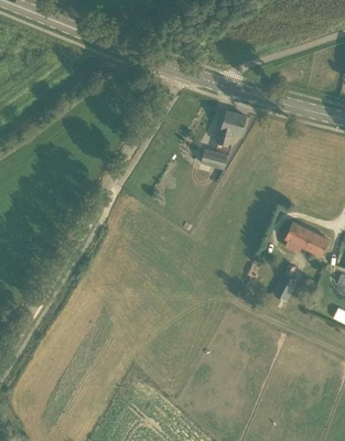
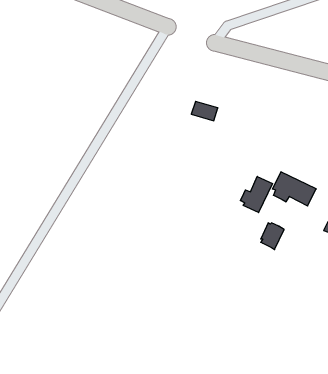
building: [217,111,246,146] -> none
building: none -> [240,176,273,213]

